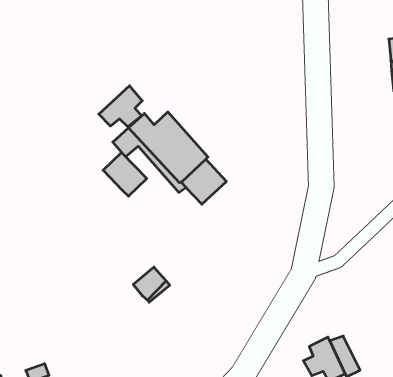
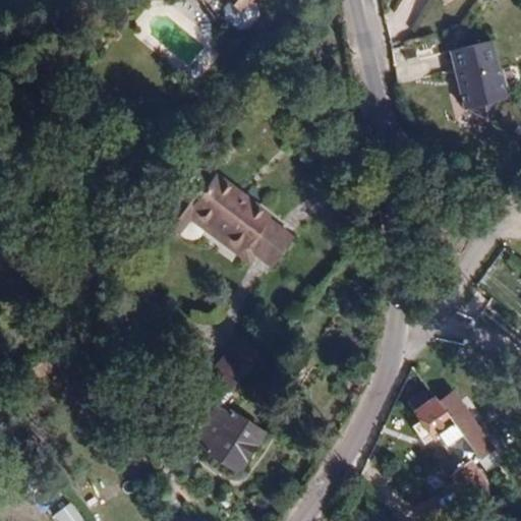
building: [99,86,142,127] -> none
building: [103,152,147,196] -> none
building: none -> [177,404,265,472]

